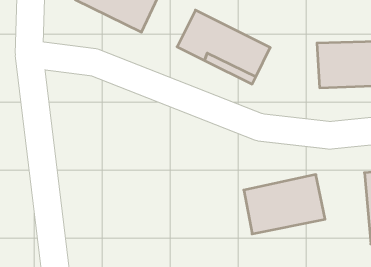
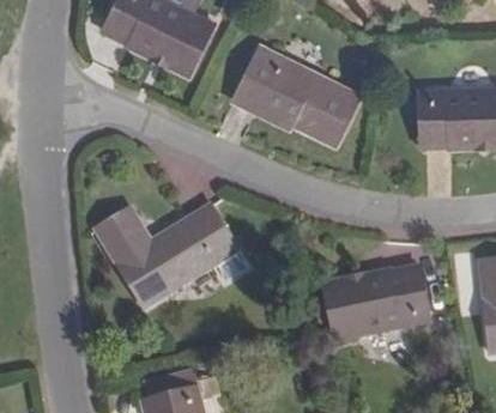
building: none -> [95,205,238,309]

